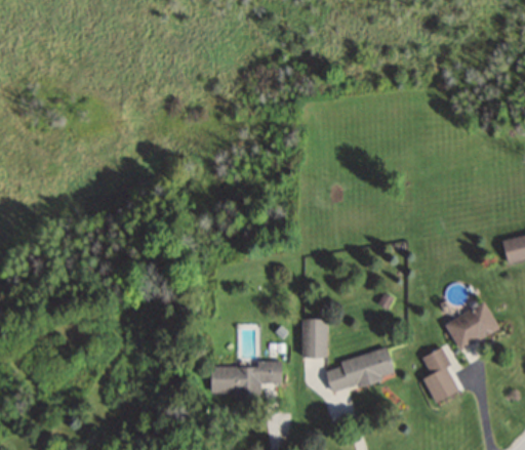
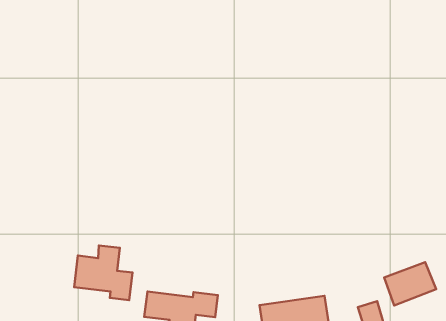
building: [301,319,327,358] -> none
building: none -> [74,245,133,300]

